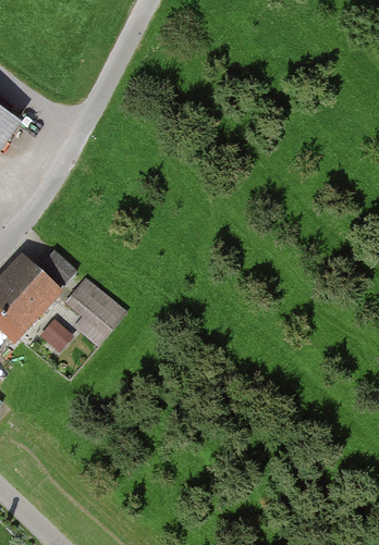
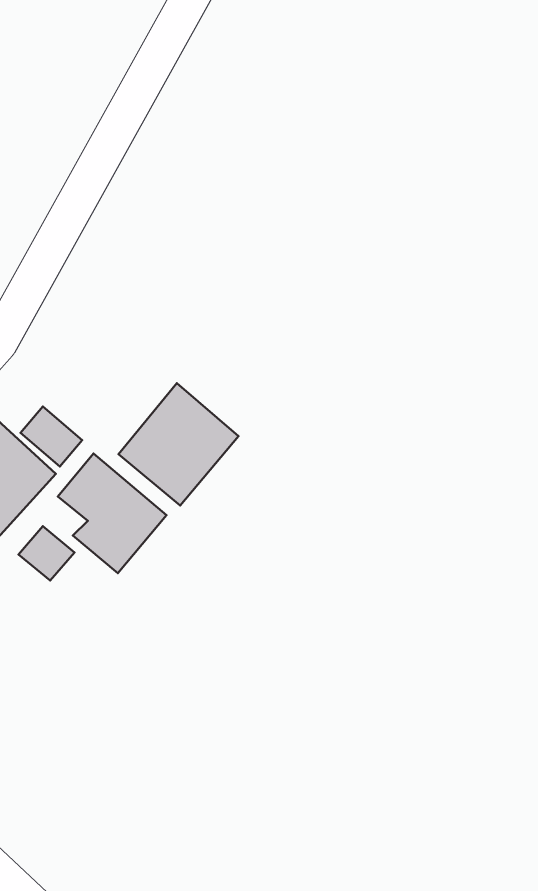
building: none -> [119,383,239,506]

